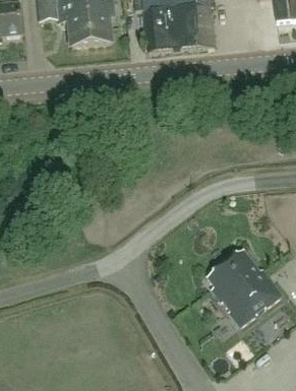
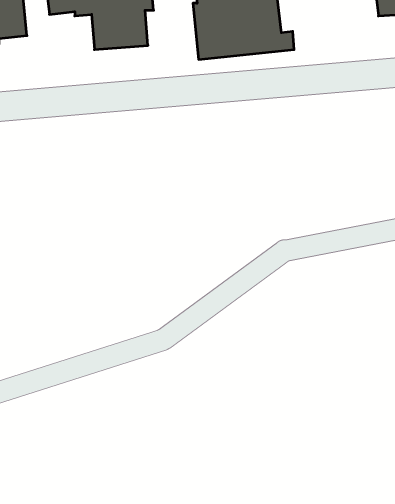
building: [205,249,280,325] -> none

